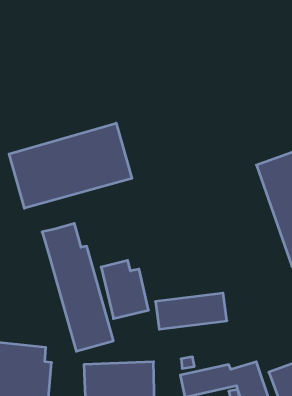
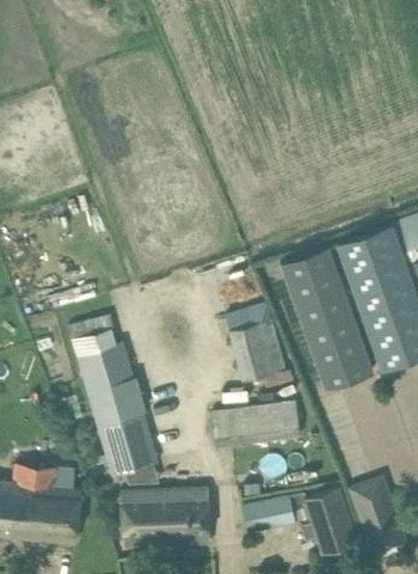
building: [9,123,132,208] -> none
building: none -> [282,244,373,387]
building: [101,260,149,319] -> [225,307,284,380]

